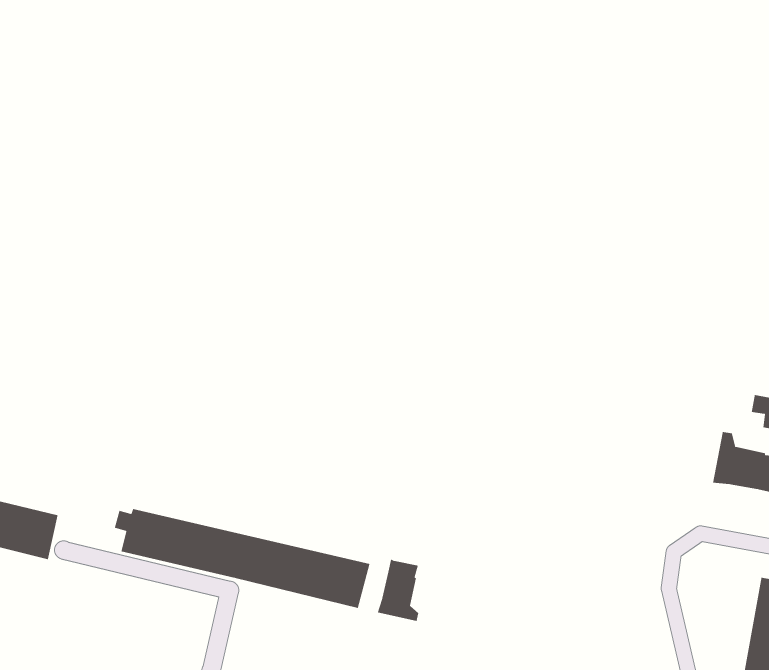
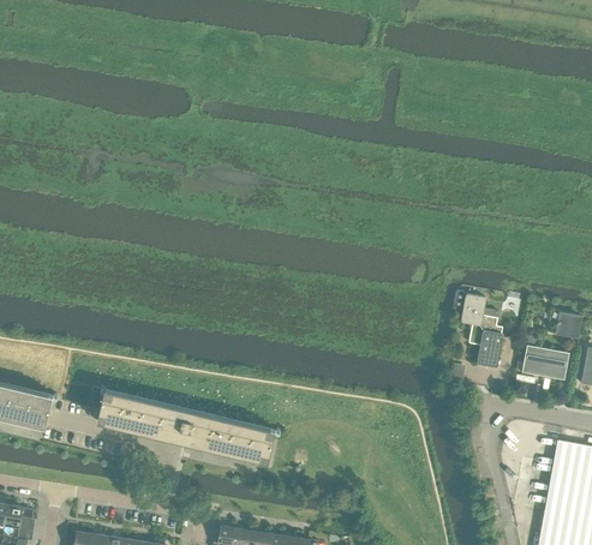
building: none -> [454,292,503,369]
building: [377,558,419,622] -> none

